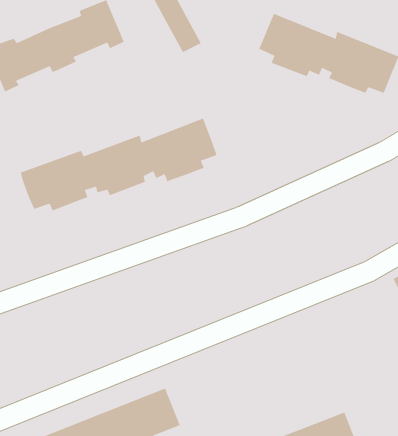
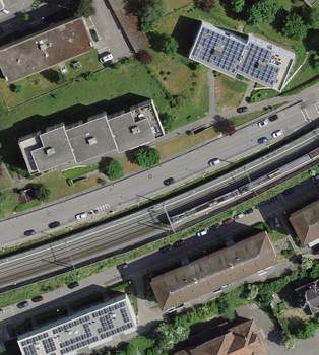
building: none -> [152,234,275,307]

